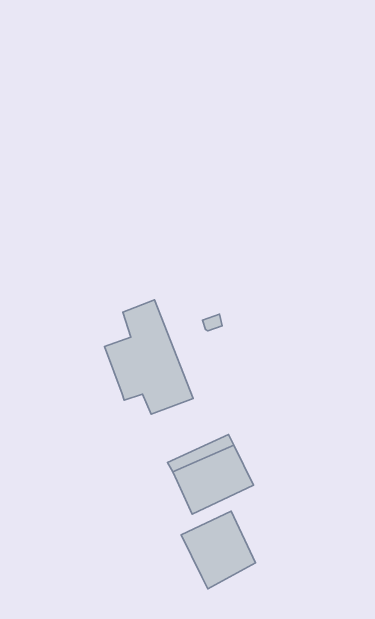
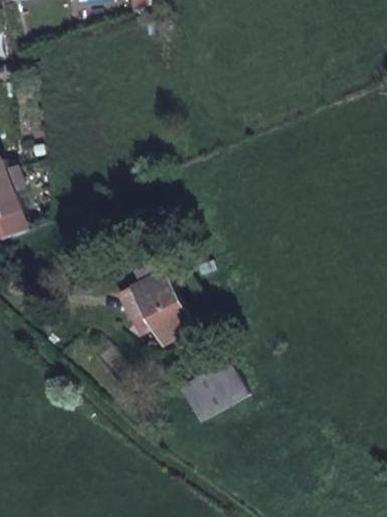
building: [181,511,255,589] -> none

